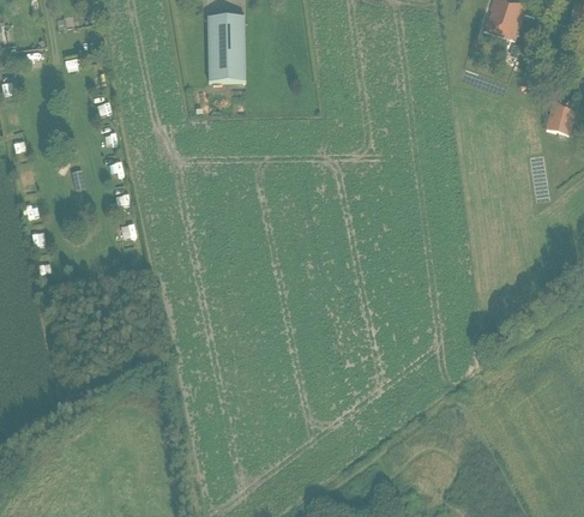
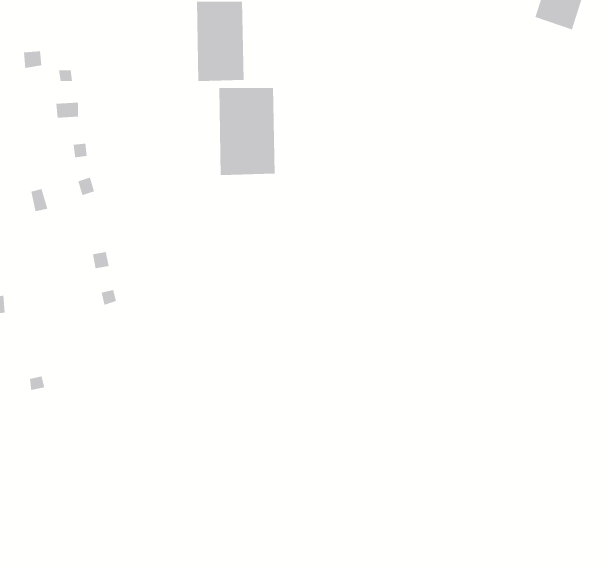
building: none -> [219,87,275,176]

